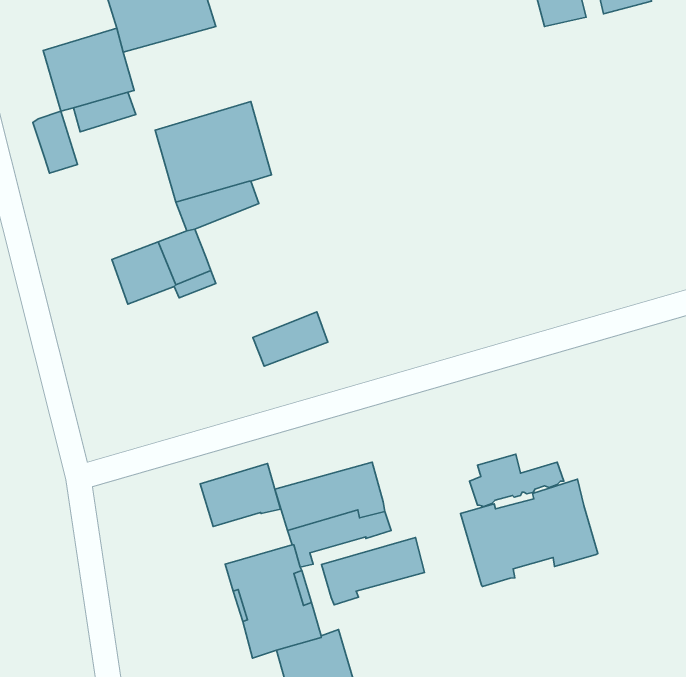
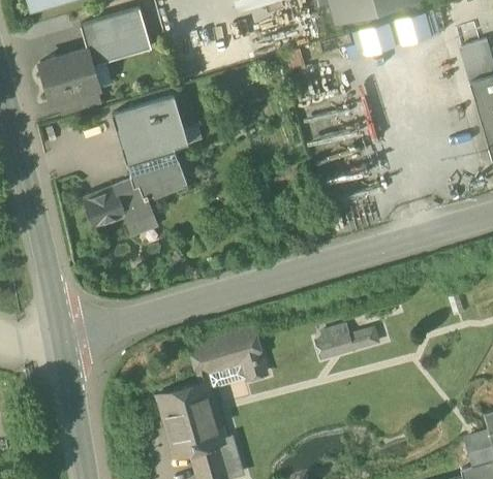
building: [33,111,78,173] -> none
building: [253,312,328,366] -> [138,162,187,197]
building: [200,464,281,526] -> none
building: [460,479,598,586] -> none
building: [322,538,424,605] -> none

